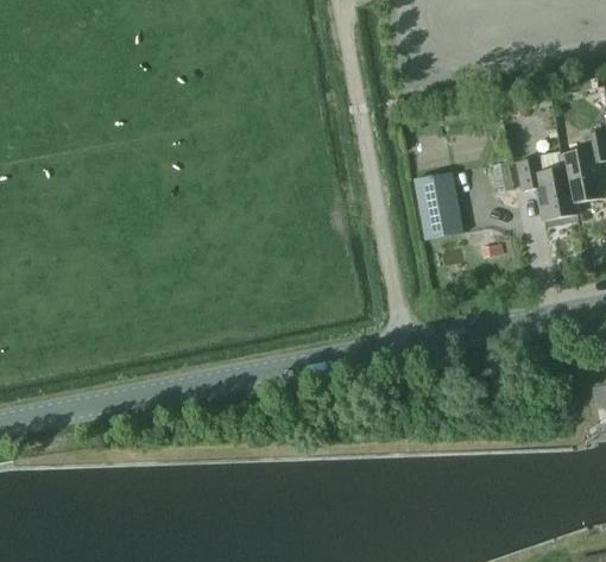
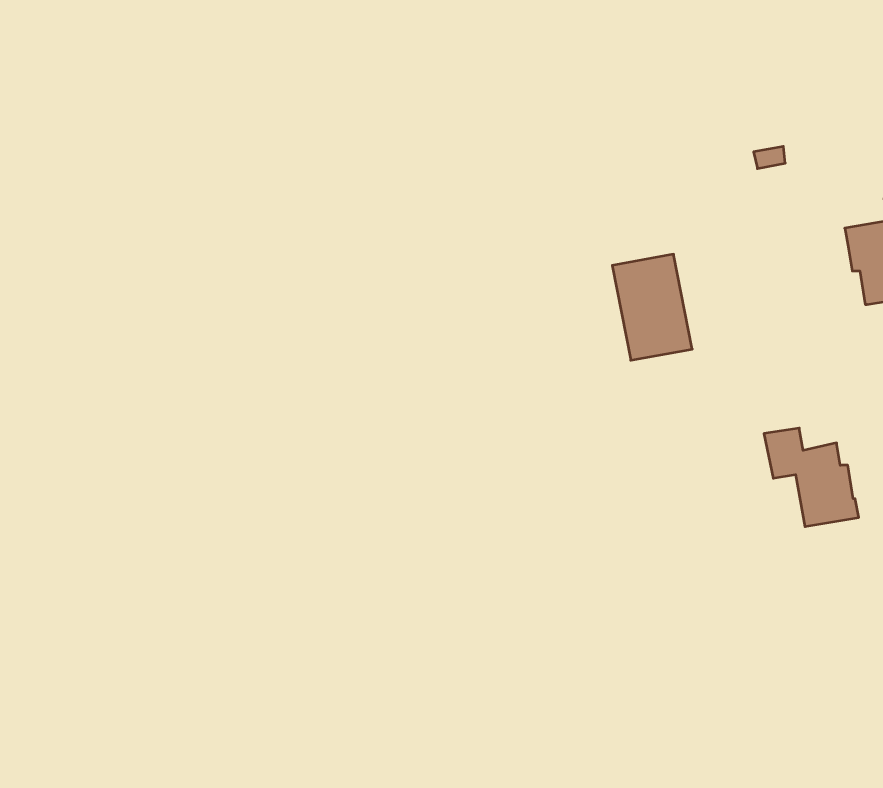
building: [519,158,580,221] -> [764,428,859,527]

